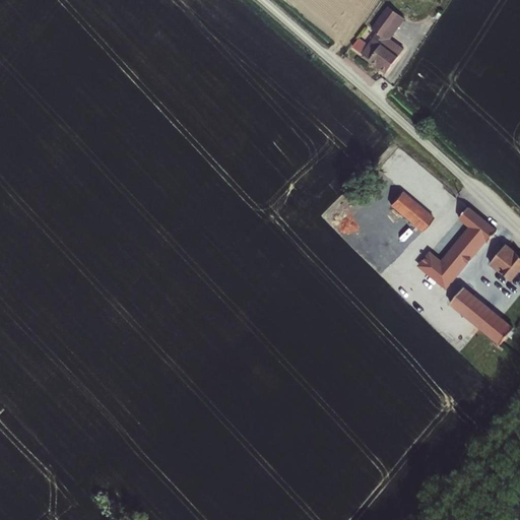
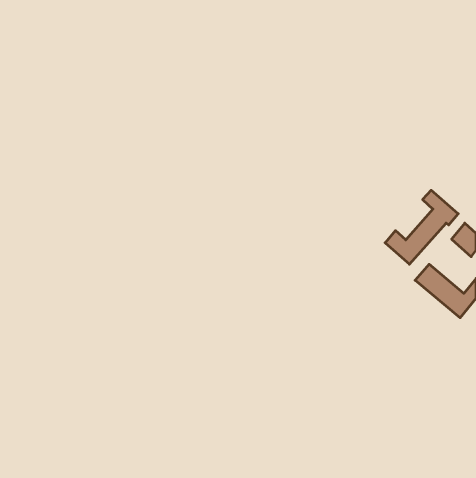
building: [350,6,402,71] -> none
building: [389,191,432,231] -> none

